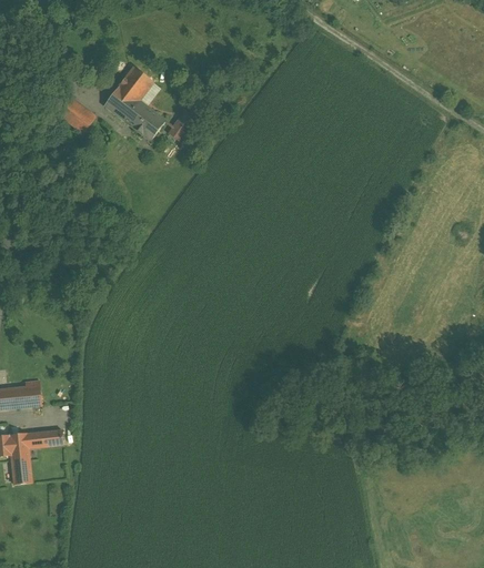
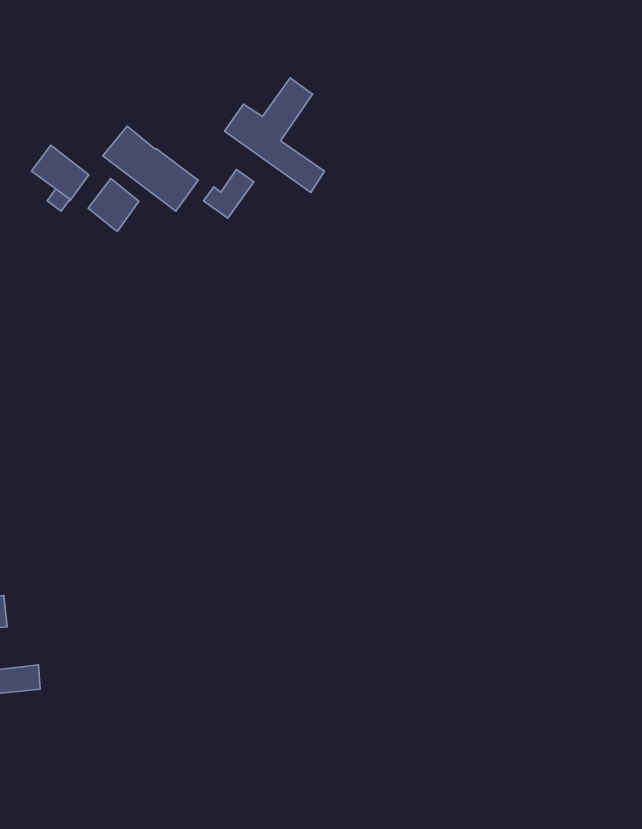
building: none -> [225,78,325,193]
building: [120,65,152,99] -> [88,179,139,231]

